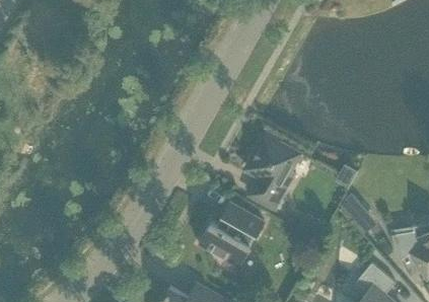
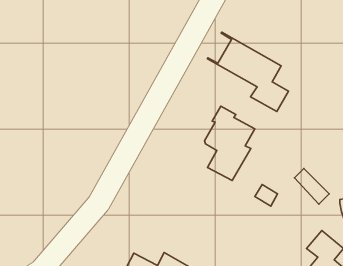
building: none -> [208,32,289,111]
building: [200,202,264,266] -> none

